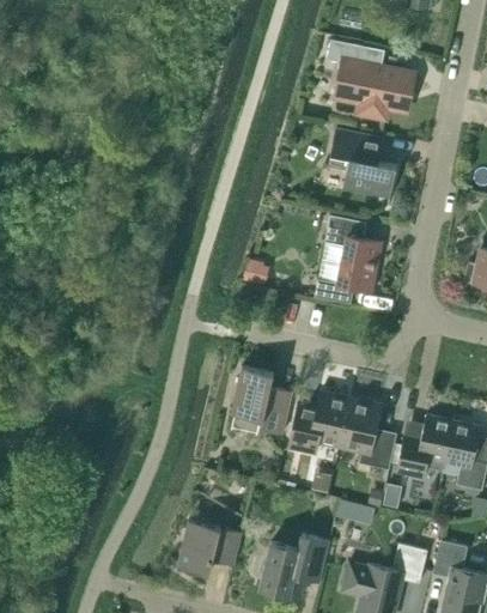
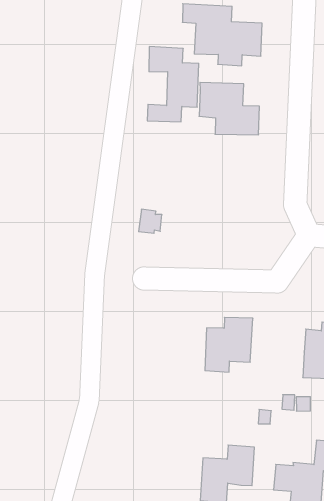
building: [313,214,381,303] -> [147,47,199,122]
building: [231,366,291,433] -> none
building: [340,397,395,469] -> none
building: [177,520,243,573] -> none

